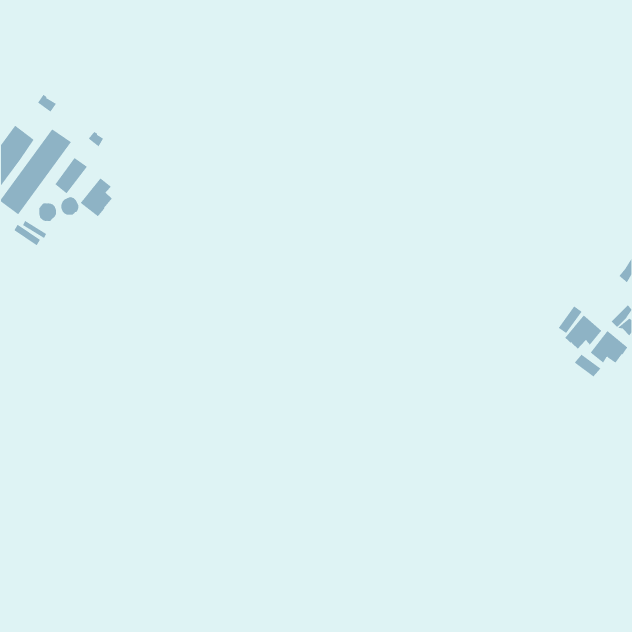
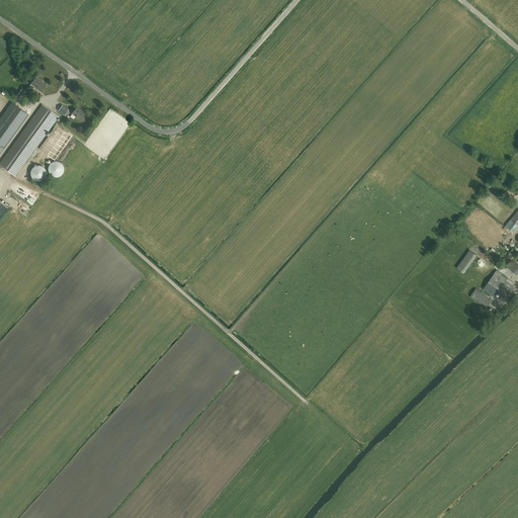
building: [80,178,113,217] -> none
building: [565,314,602,350] -> none

